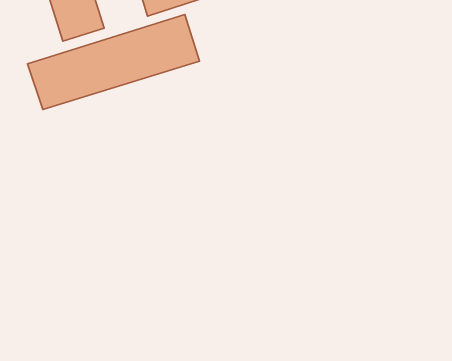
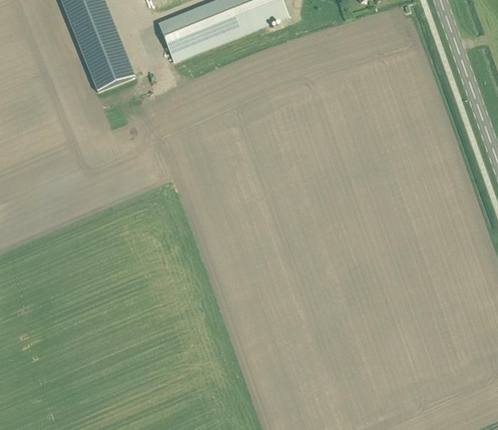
building: [27,14,200,109] -> none

